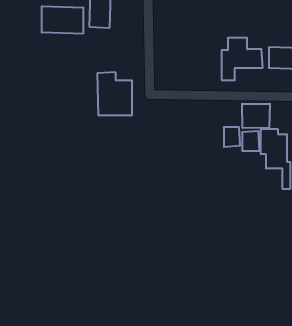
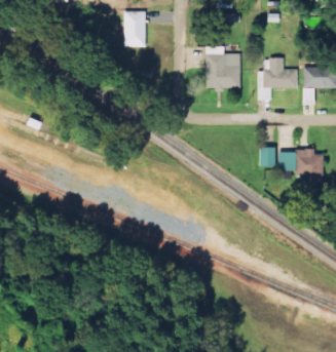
building: [42,6,83,34] -> none
building: [97,72,132,115] -> [206,45,240,88]
building: [242,104,270,128] -> none

